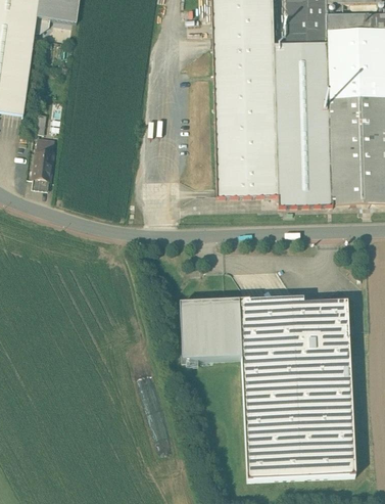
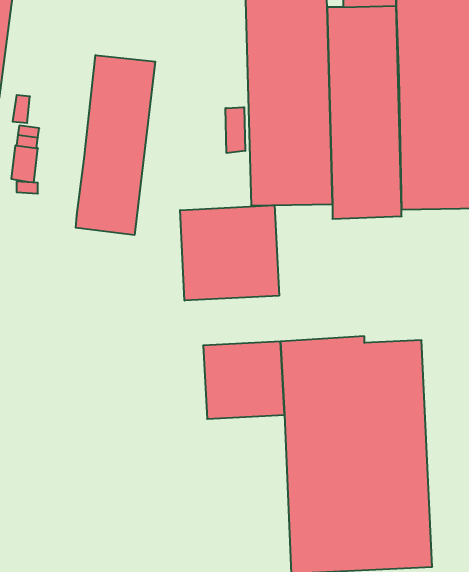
building: none -> [76,55,155,235]
building: none -> [226,107,245,153]
building: none -> [180,205,279,301]

